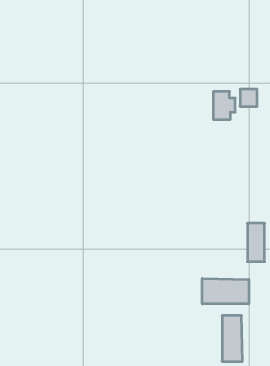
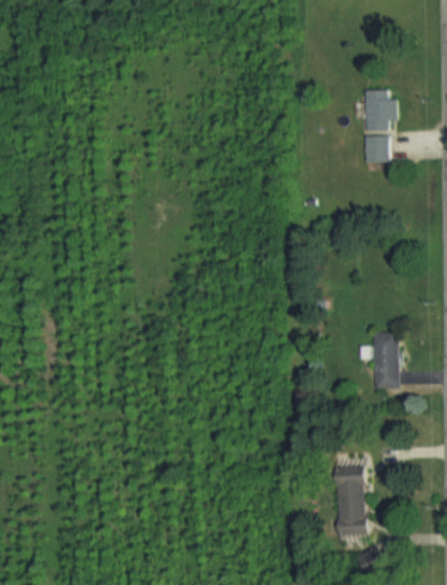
building: [213,92,235,119] -> [365,90,397,130]
building: [202,278,249,304] -> none

